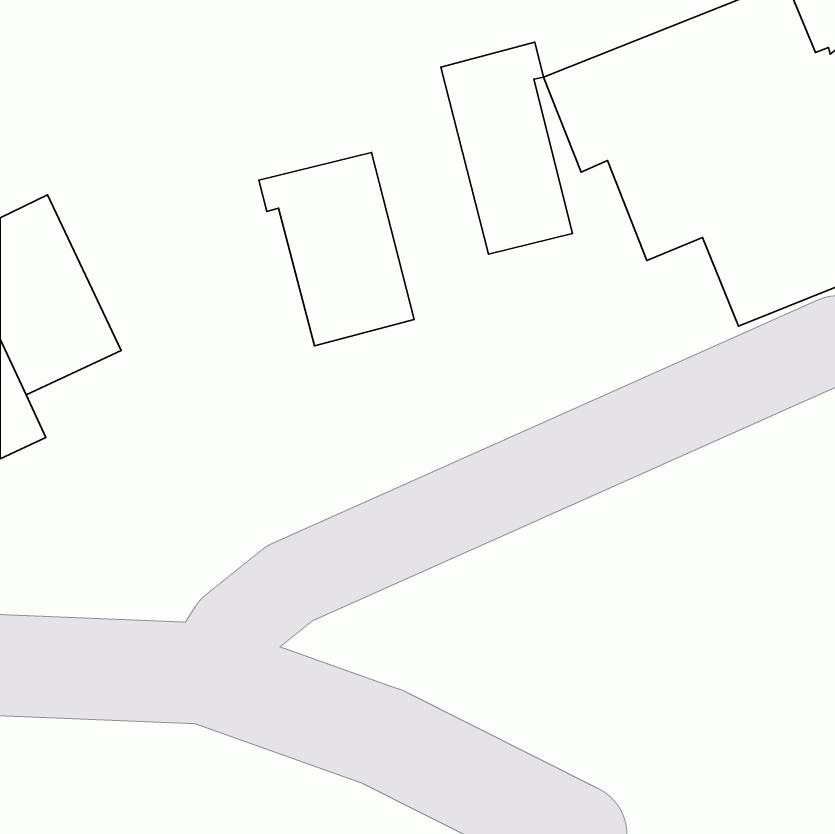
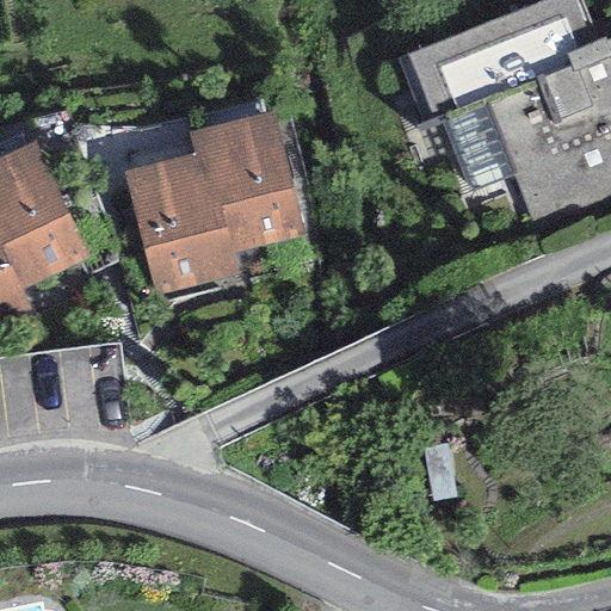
building: [441,42,572,254] -> none
building: none -> [125,152,235,292]

